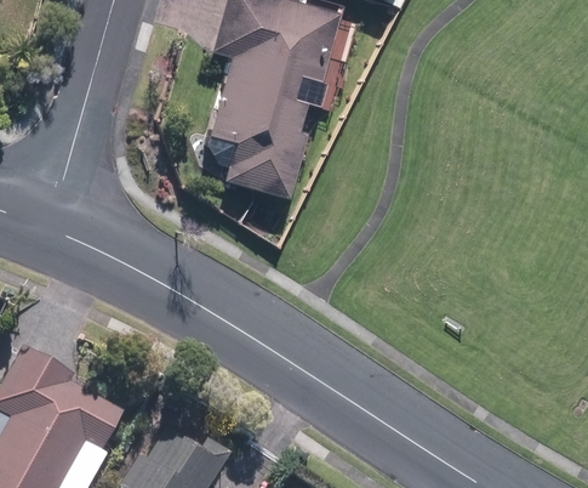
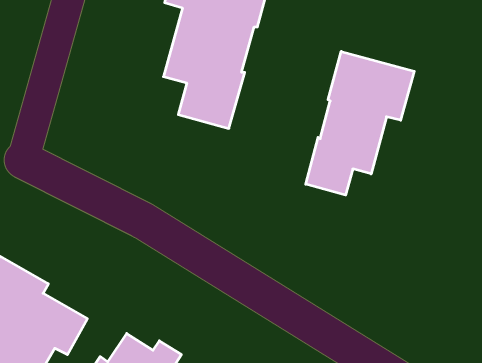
building: none -> [306,51,414,195]

